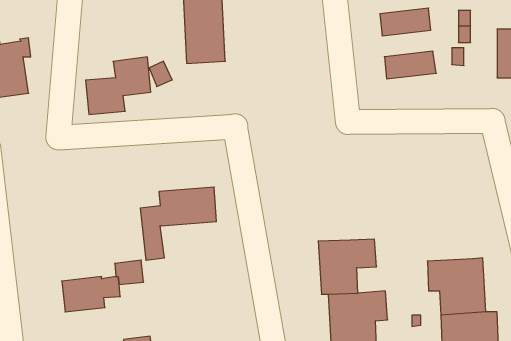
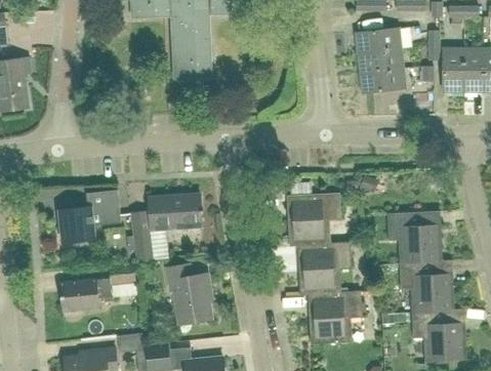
building: none -> [443,47,463,92]
building: none -> [357,48,404,73]
building: [86,57,151,114] -> [59,189,120,242]
building: none -> [287,180,340,245]
building: none -> [385,210,441,262]
building: none -> [168,263,211,324]

